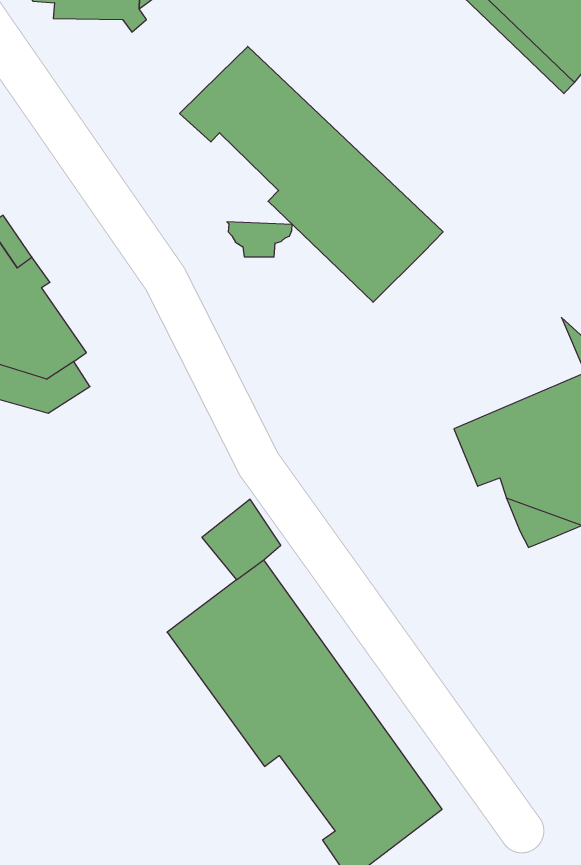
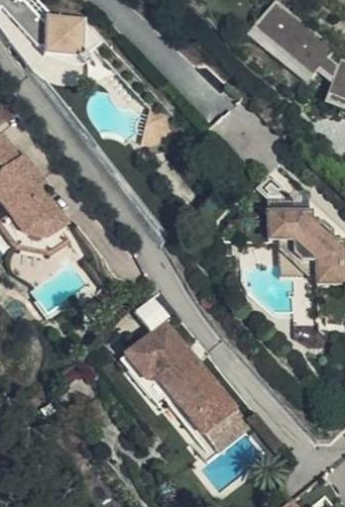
building: [180,46,443,302] -> none

